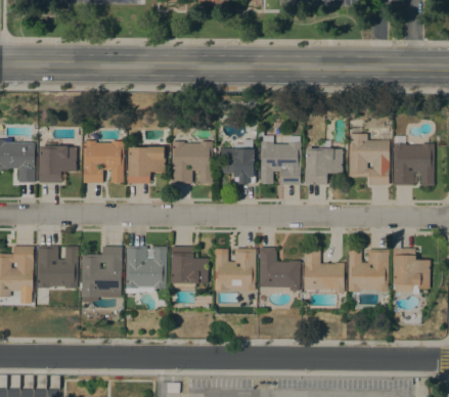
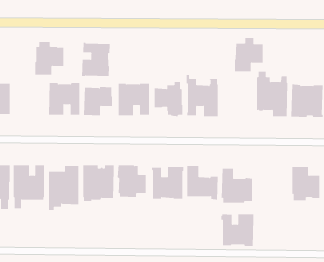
building: none -> [82,42,110,77]
building: [38,139,76,182] -> [35,42,64,75]
building: [304,140,342,184] -> [234,37,264,72]
building: [346,249,389,291] -> [221,214,254,247]

